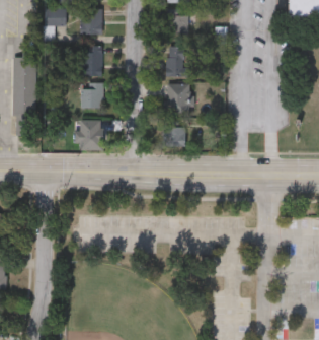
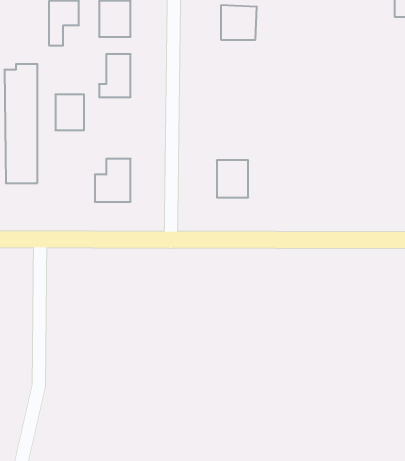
building: [167,46,188,76] -> none
building: [82,82,102,108] -> [55,94,84,130]
building: [166,83,190,116] -> none

